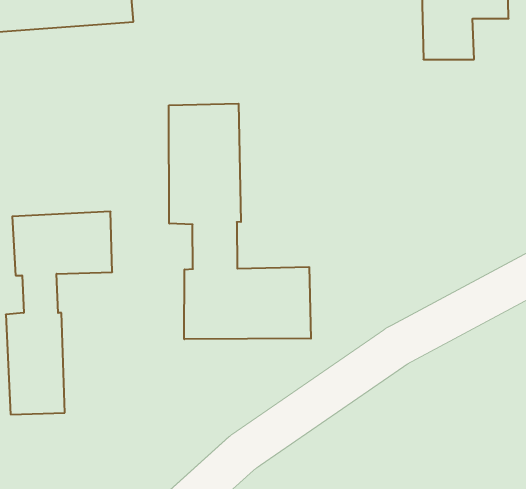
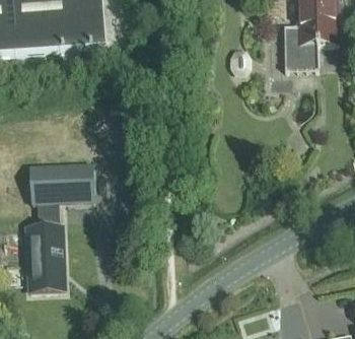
building: [169,104,311,339] -> none

